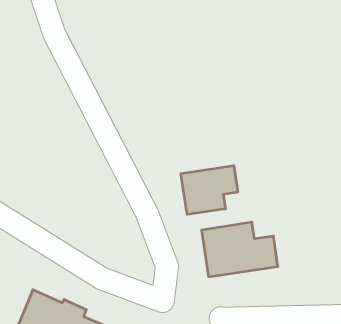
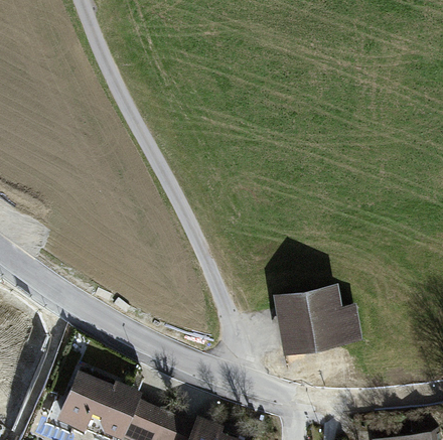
building: [181,166,238,214] -> none

